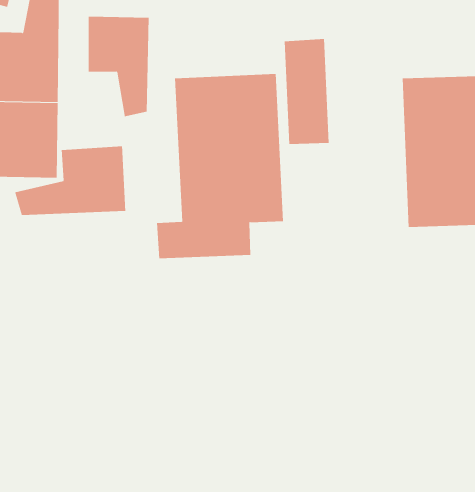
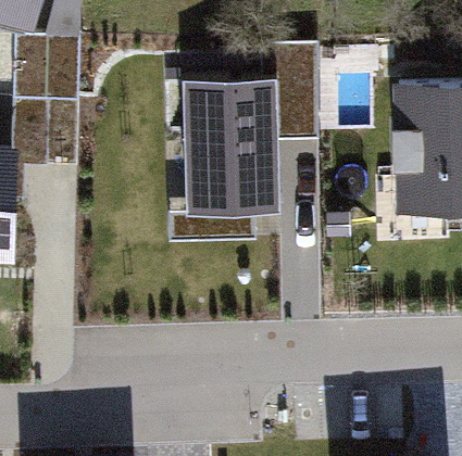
building: [88,16,149,117] -> none
building: [14,146,126,216] -> none

